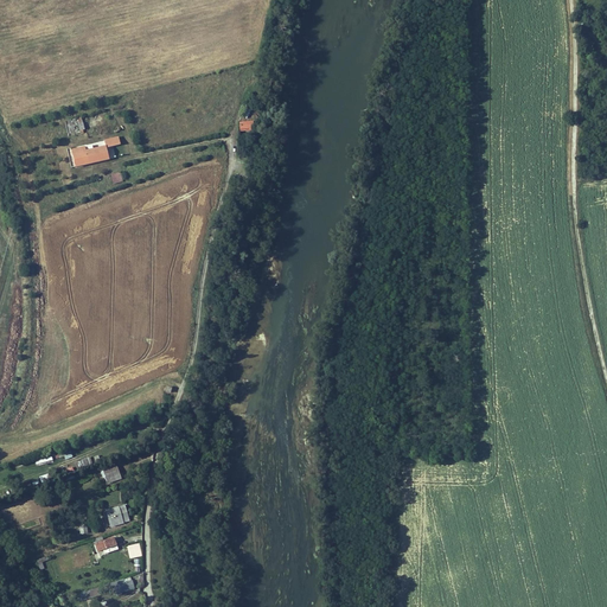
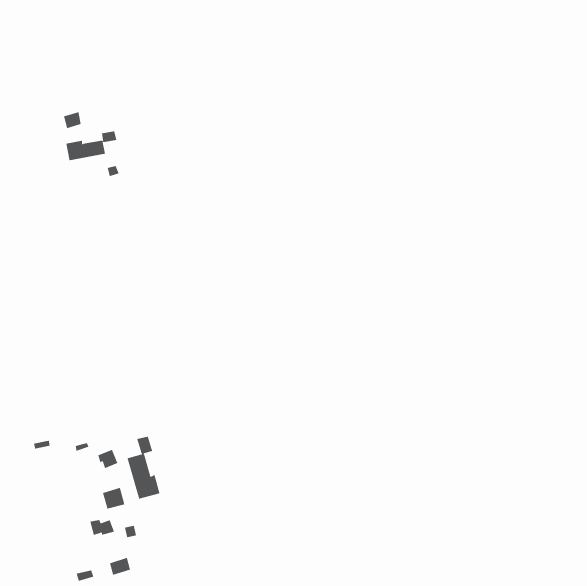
building: none -> [127,436,160,500]

